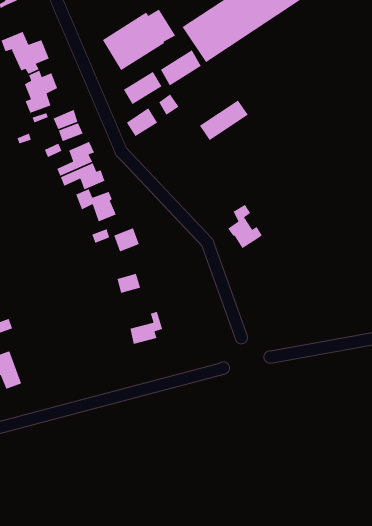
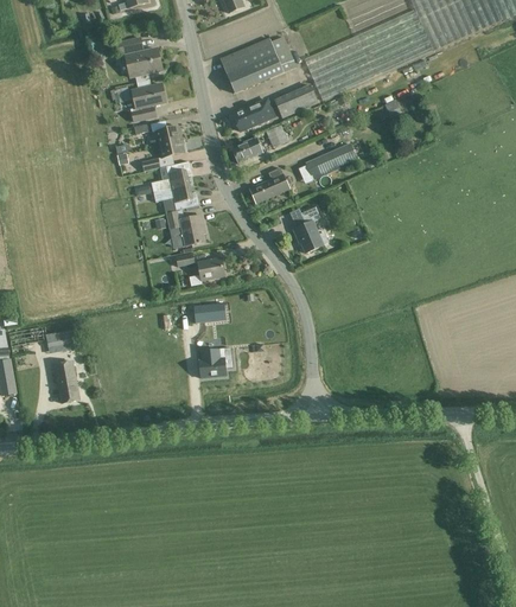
building: none -> [249,167,288,202]
building: [227,204,263,249] -> [292,206,327,253]

